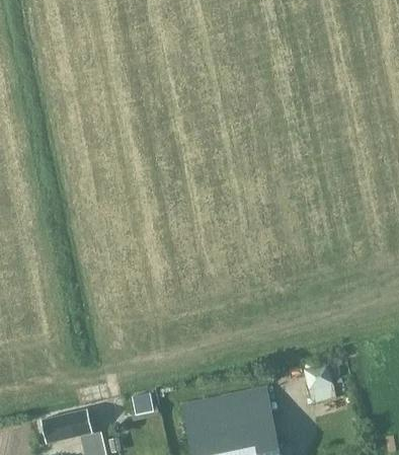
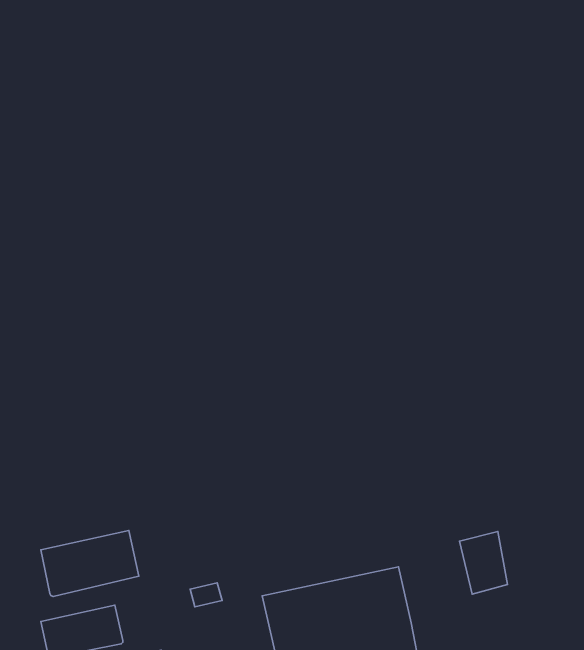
building: none -> [41,531,139,596]

